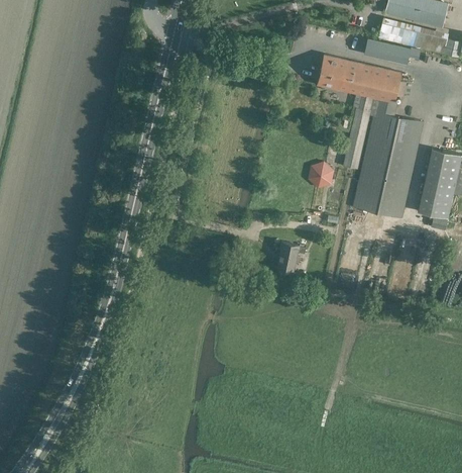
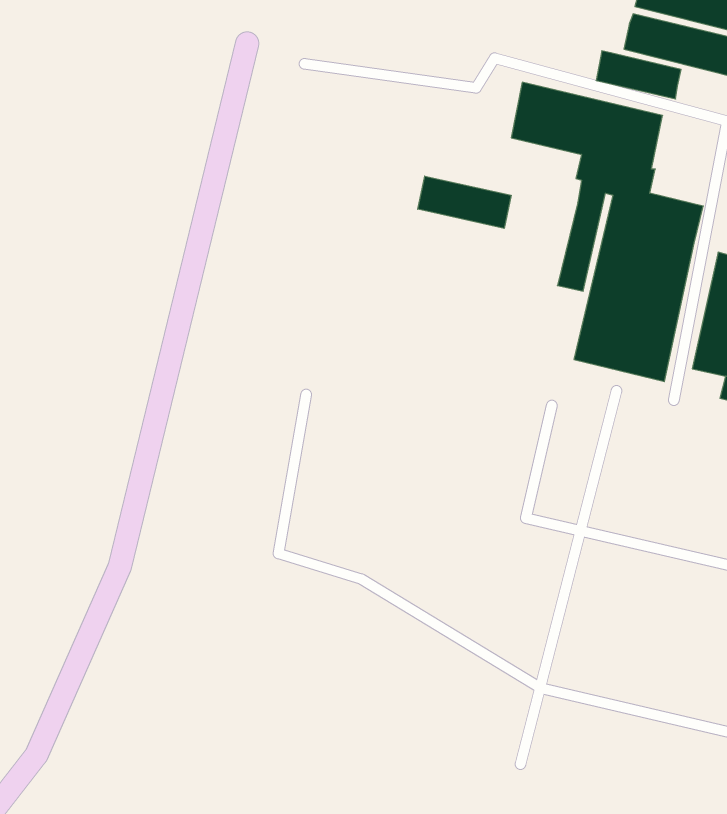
building: none -> [418,176,511,228]
building: [309,162,333,188] -> none
building: [277,242,299,271] -> none

